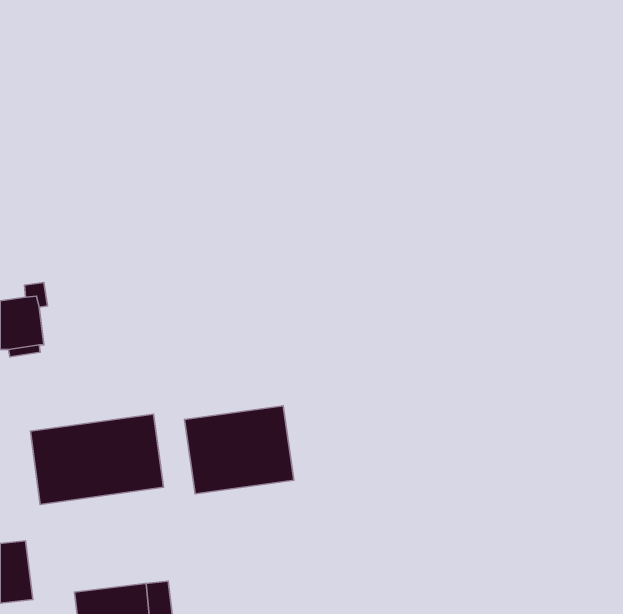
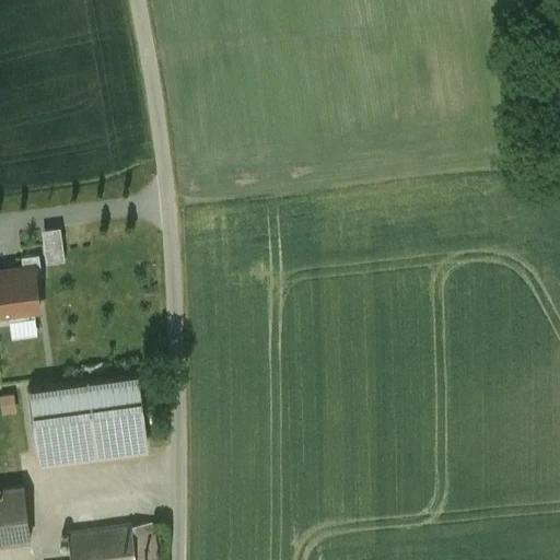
building: none -> [38,231,65,269]
building: [185,406,294,494] -> none

